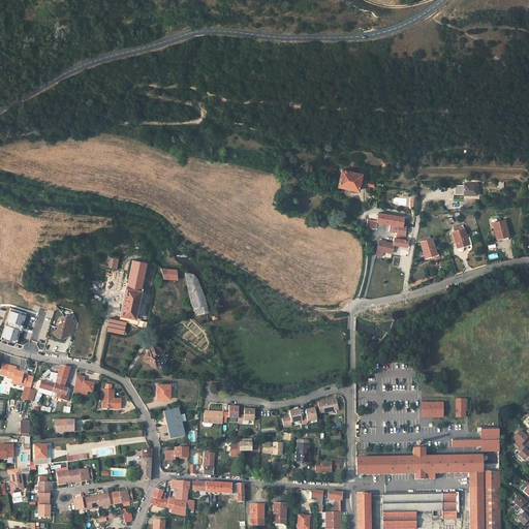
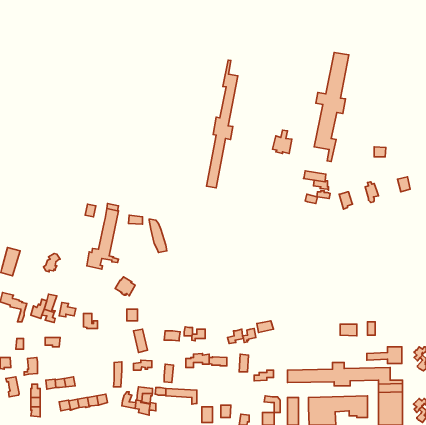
building: none -> [314,52,349,162]
building: none -> [207,60,238,188]

